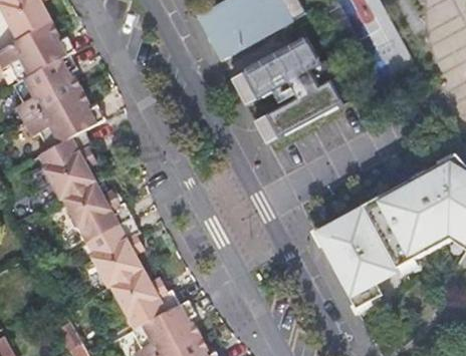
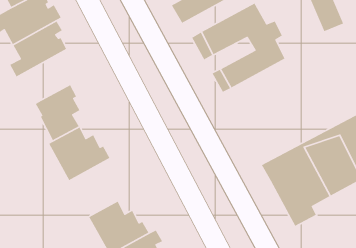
building: [23,92,107,154] -> none
building: [85,221,145,291] -> none

